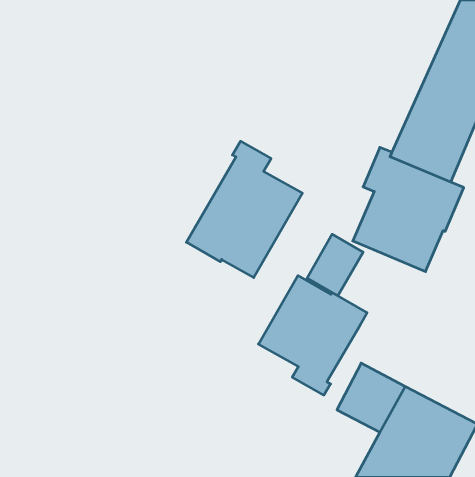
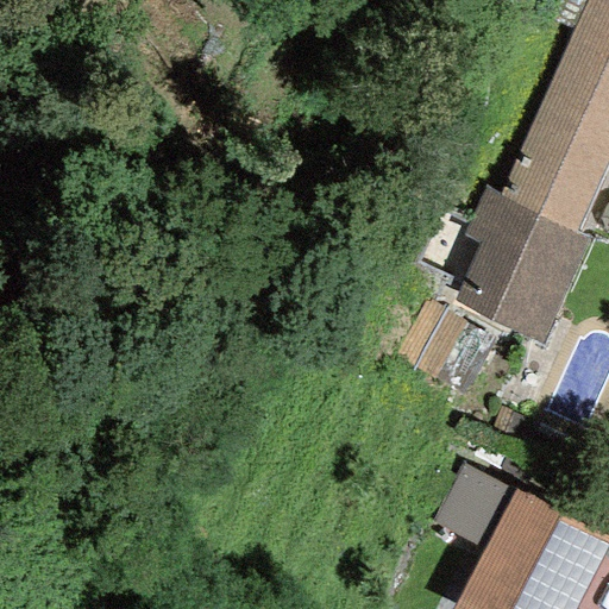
building: [186,141,302,278] -> none
building: [258,276,367,395] -> none

